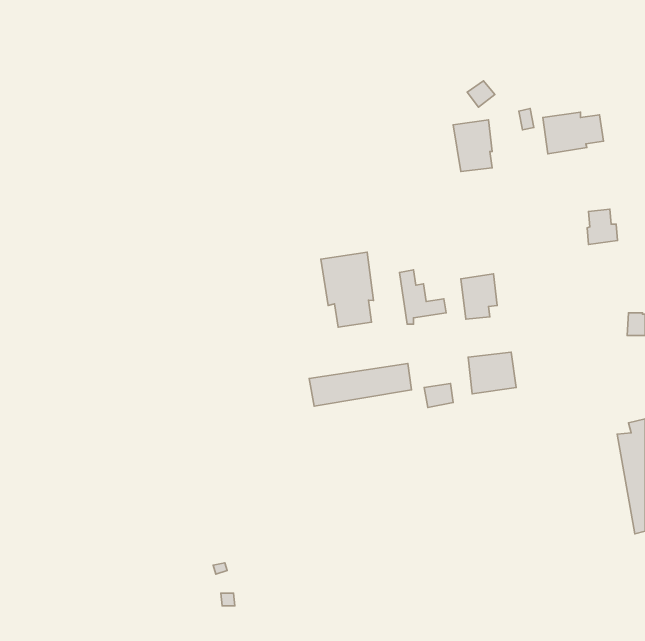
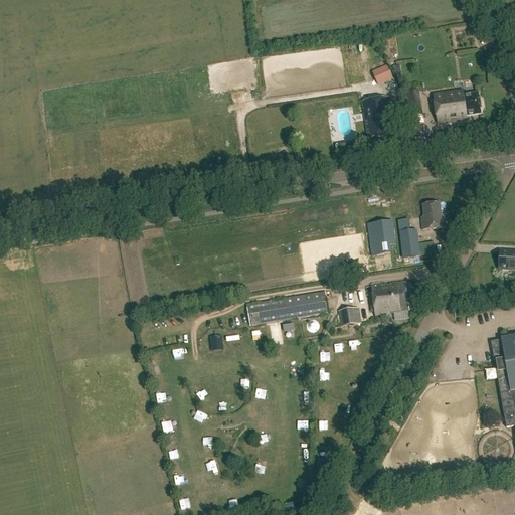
building: [587,209,618,244] -> [422,200,447,228]
building: [321,252,373,327] -> none
building: [400,270,446,324] -> [397,217,435,261]

